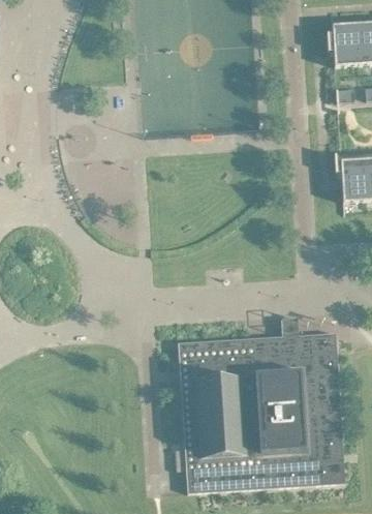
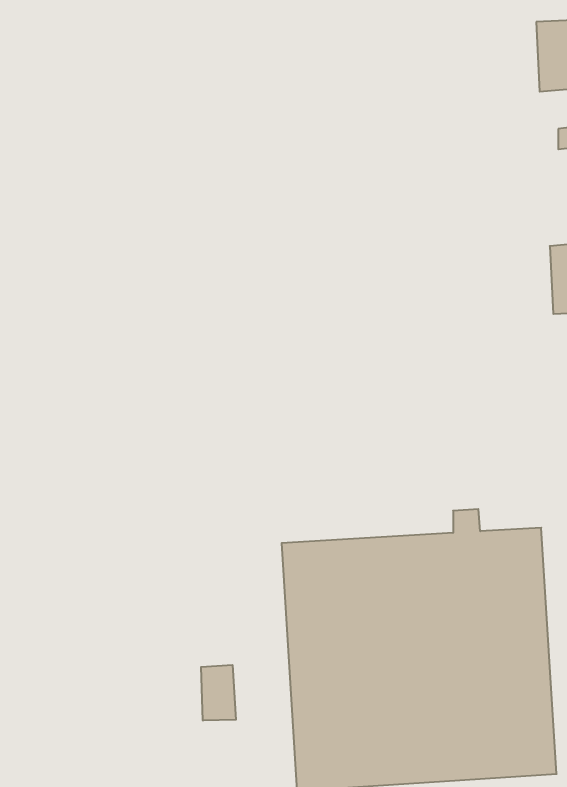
building: none -> [201,665,236,721]

